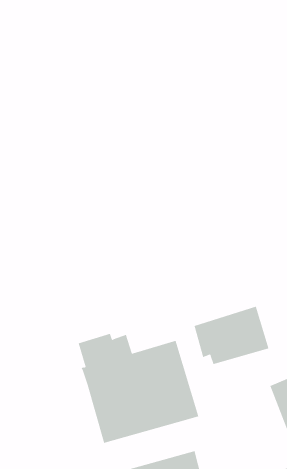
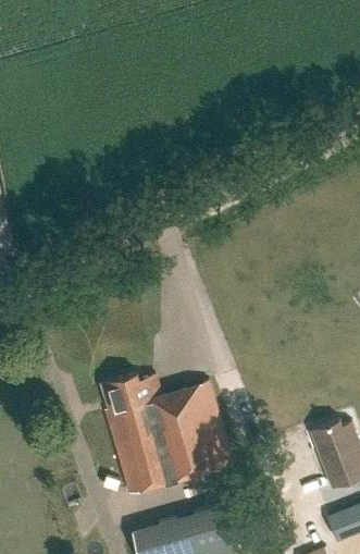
building: [194,306,269,365] -> none

